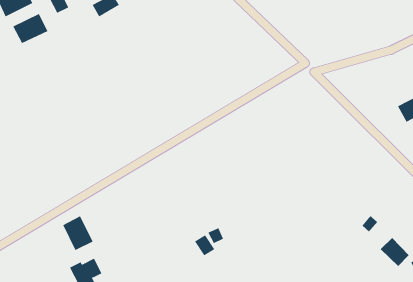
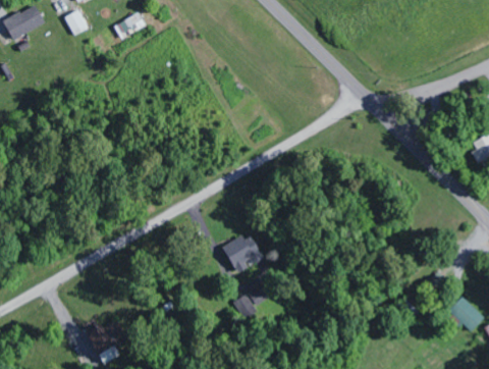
building: [13,13,48,44] -> none
building: none -> [224,232,265,273]
building: [62,215,94,251] -> none

